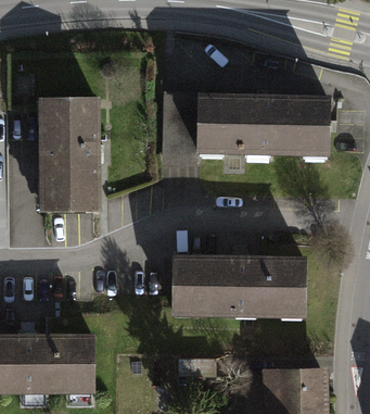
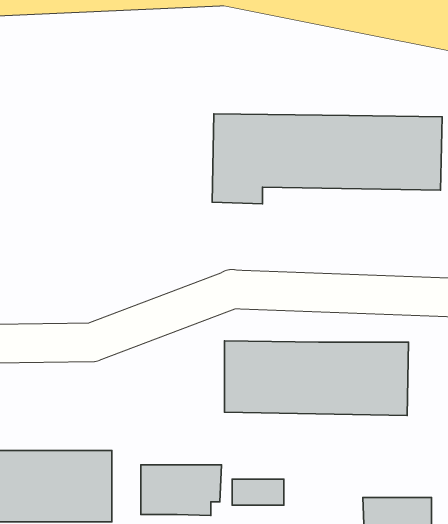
building: [44,100,97,210] -> none
building: none -> [141,465,222,516]

